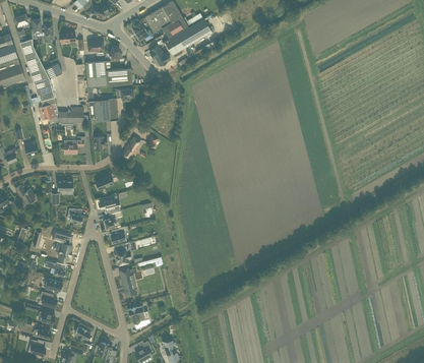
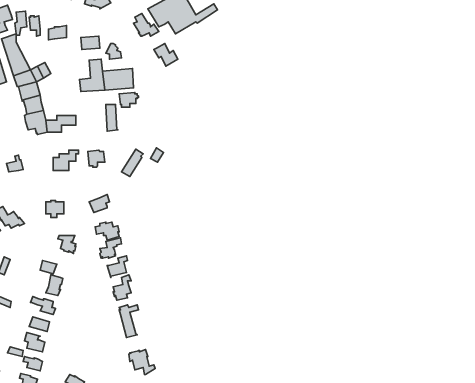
building: [162,17,210,54] -> none
building: [87,99,109,121] -> none

